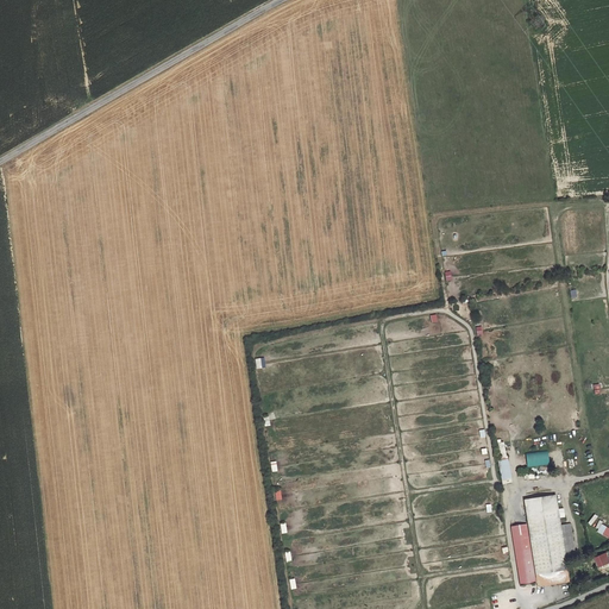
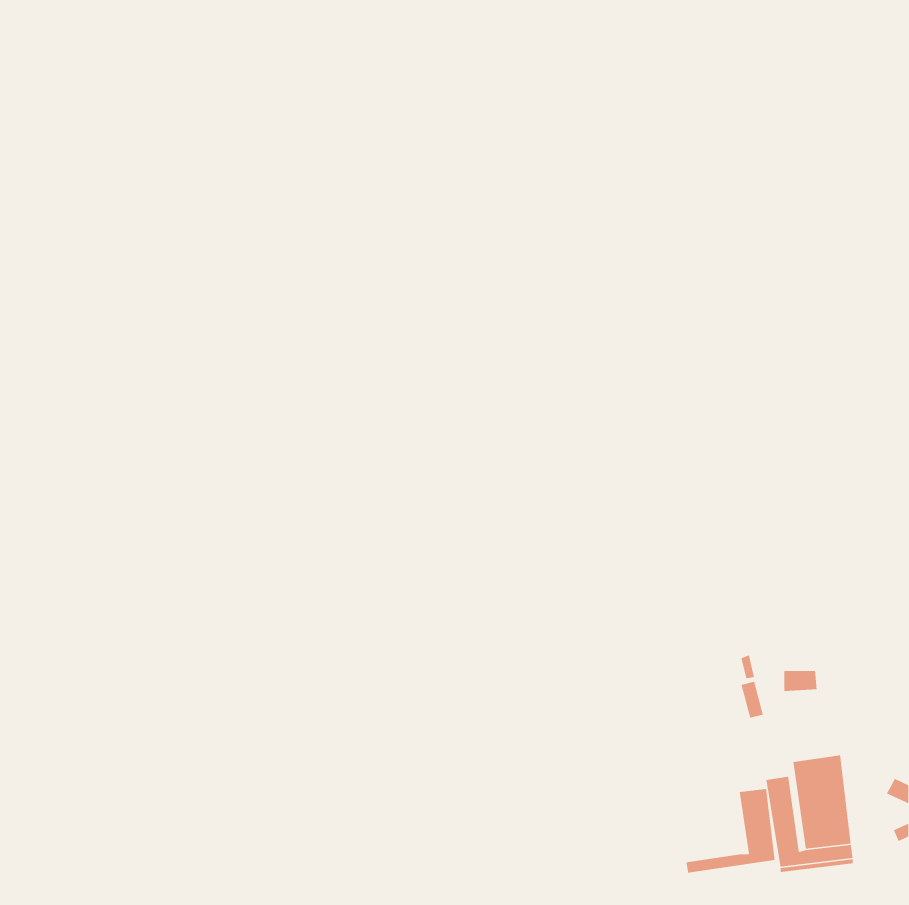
building: none -> [686,788,776,874]

